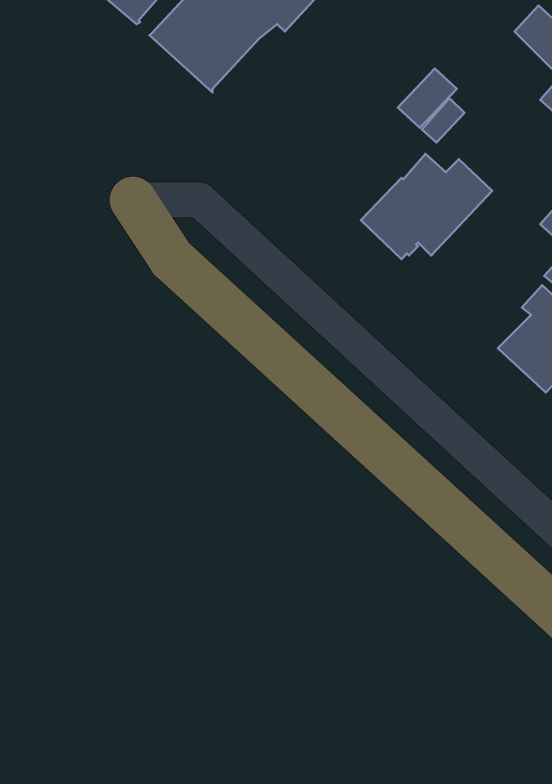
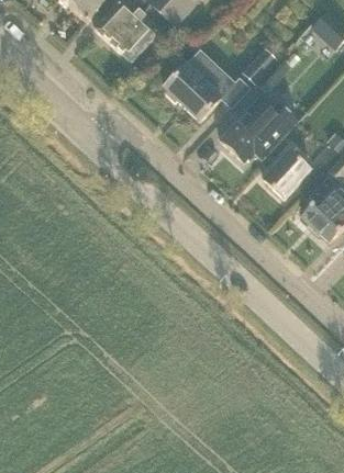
building: none -> [164,48,251,121]
building: none -> [263,149,311,198]

